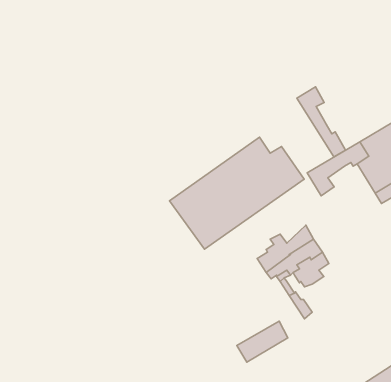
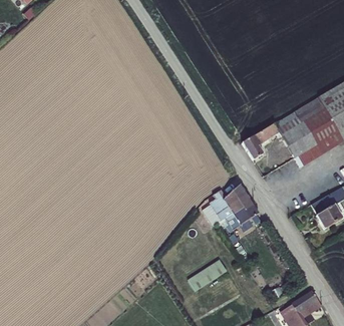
building: [297,87,346,157] -> none
building: [169,137,304,249] -> none

